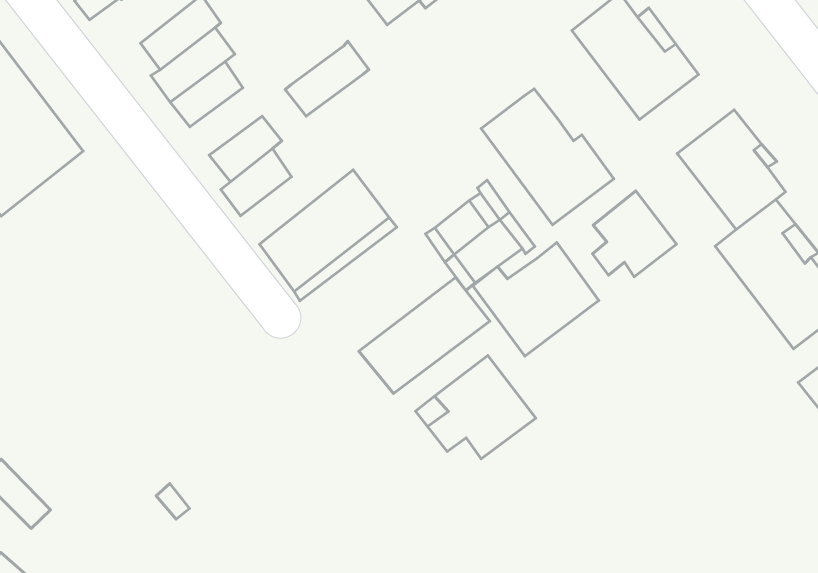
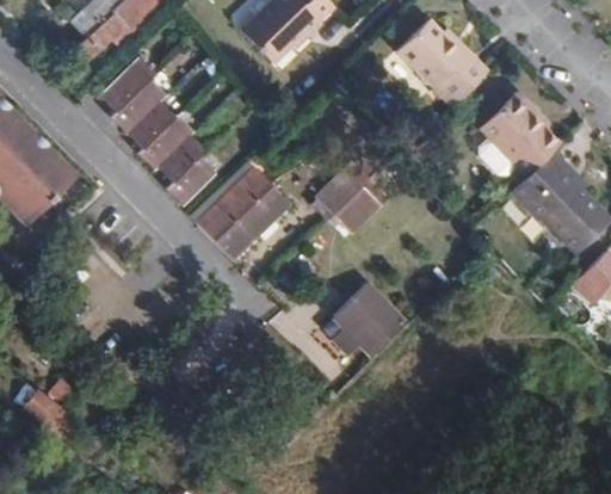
building: [285,41,369,116] -> [138,113,195,168]
building: [481,89,614,225] -> none
building: [593,191,677,277] -> none
building: [473,242,599,356] -> none
building: [359,277,490,393] -> none

